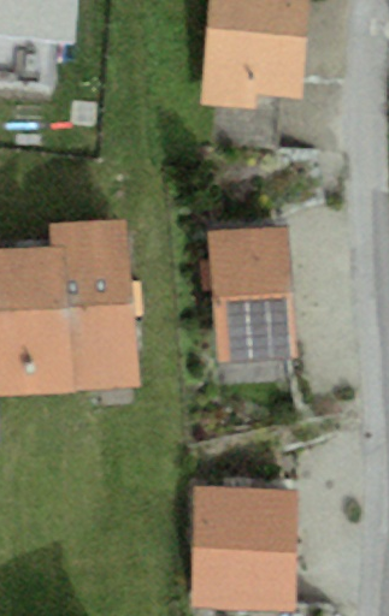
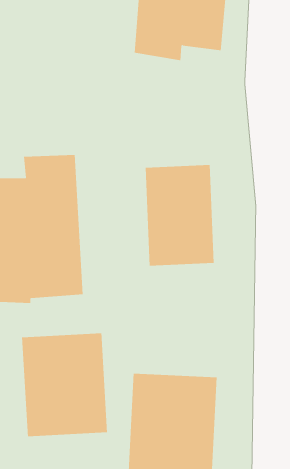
building: none -> [22,333,107,437]

